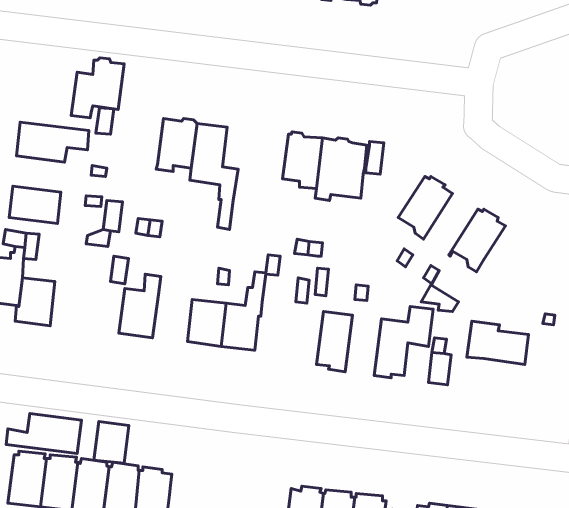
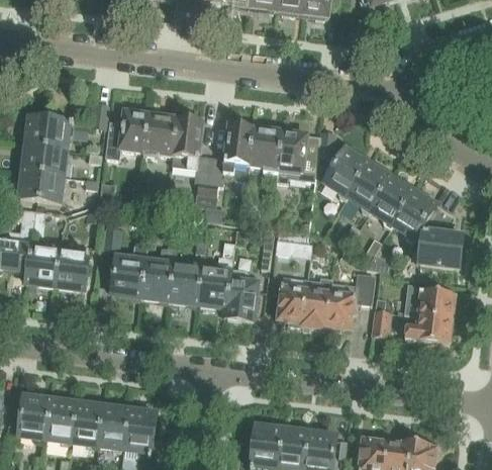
building: [71,58,124,118] -> [104,108,149,159]
building: none -> [204,123,254,207]
building: none -> [22,145,66,175]
building: none -> [323,148,368,199]
building: none -> [367,176,412,227]
building: none -> [417,203,462,270]
building: none -> [139,236,176,300]
building: none -> [54,246,89,290]
building: none -> [223,267,258,319]
building: none -> [301,276,331,328]
building: none -> [405,314,452,348]
building: [6,413,81,454] -> none
building: [94,421,129,463] -> none

